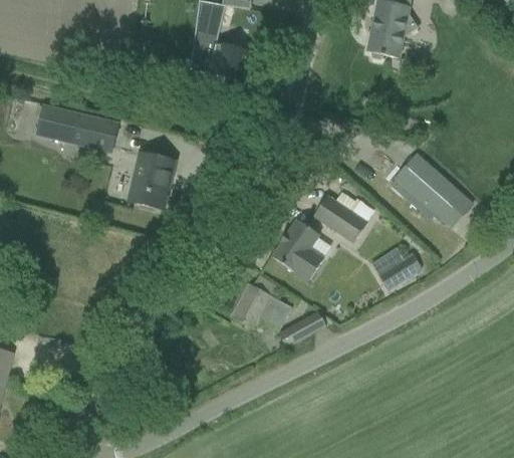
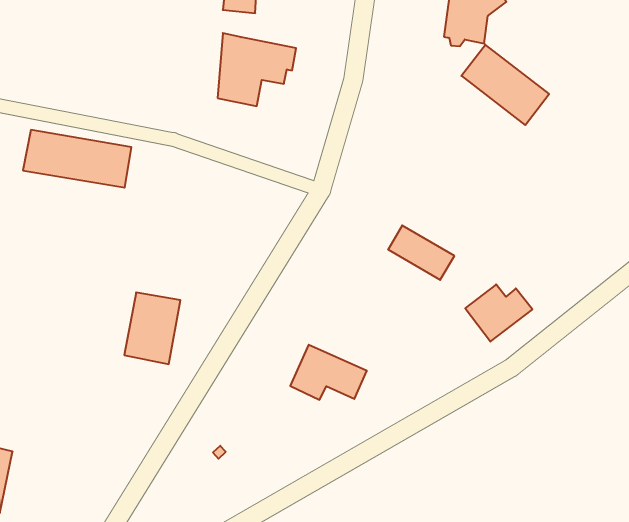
building: [128,152,175,209] -> [124,292,180,364]
building: [396,154,463,218] -> [461,45,549,125]
building: [271,218,324,280] -> none
building: [277,314,314,346] -> none

